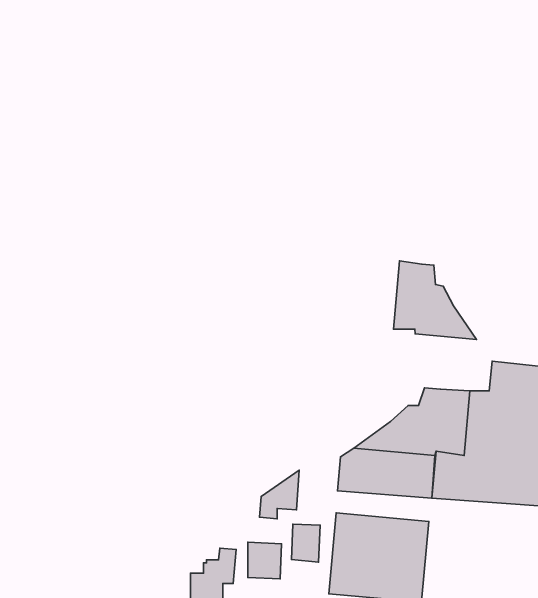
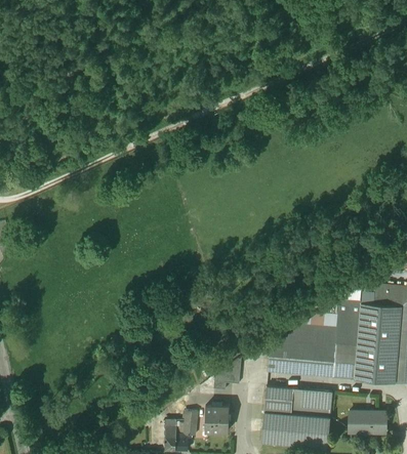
building: [393,261,476,339] -> none
building: [291,524,320,562] -> none
building: none -> [348,412,384,434]

